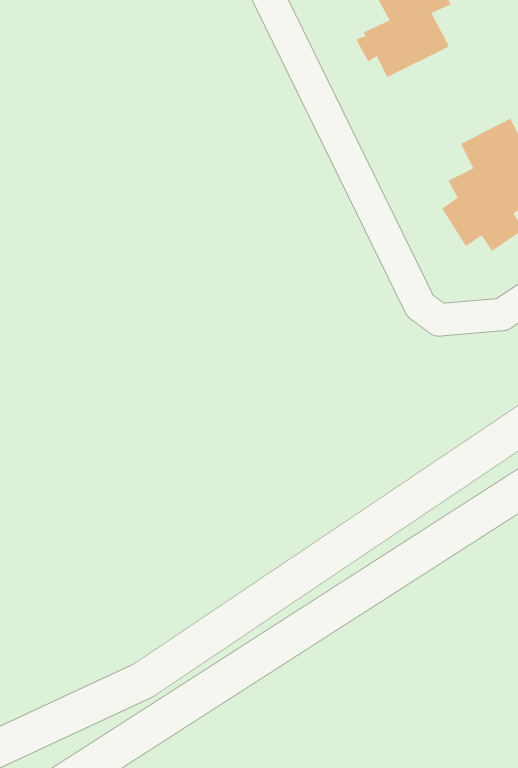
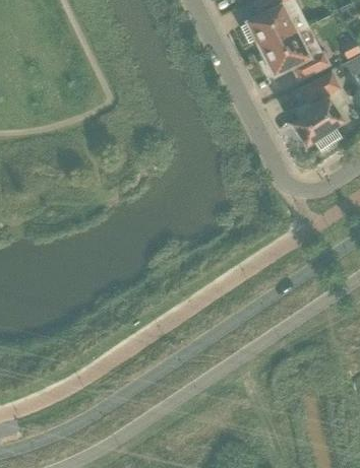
building: none -> [260,30,329,80]

